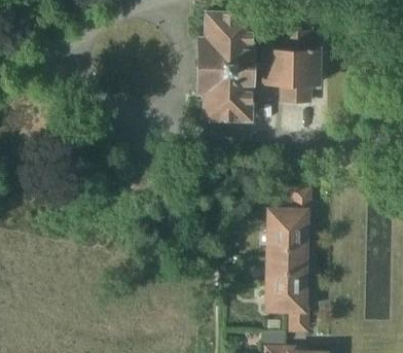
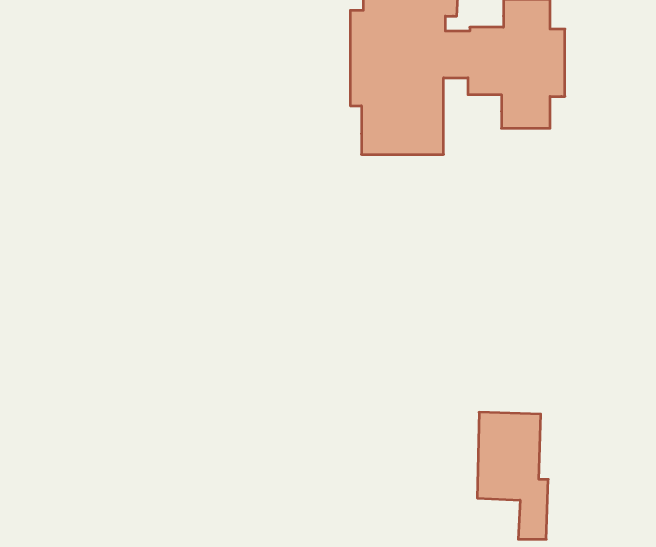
building: [269,189,309,259] -> none

